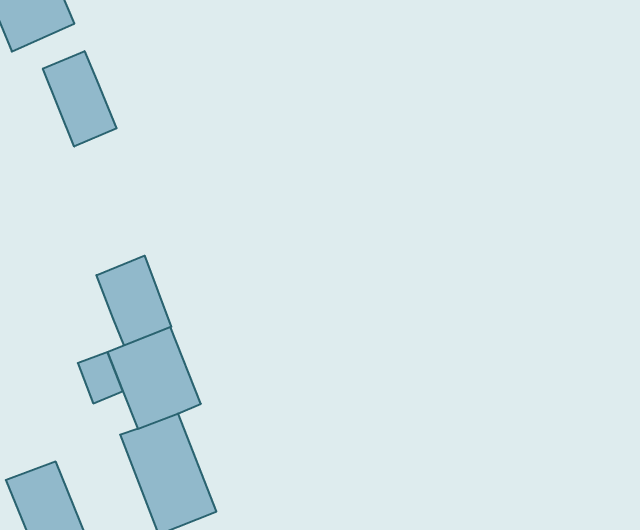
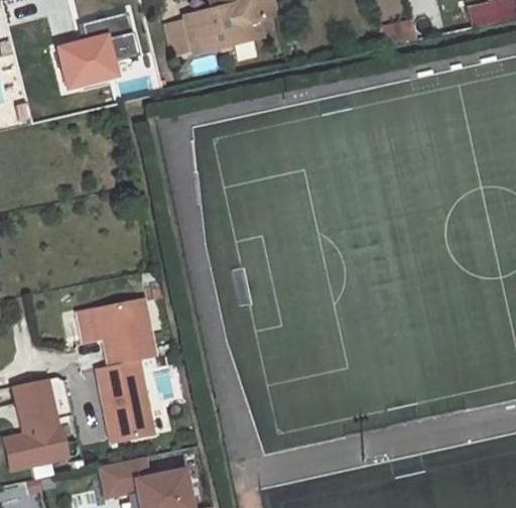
building: [43,51,117,147] -> none
building: [96,256,171,345] -> none

